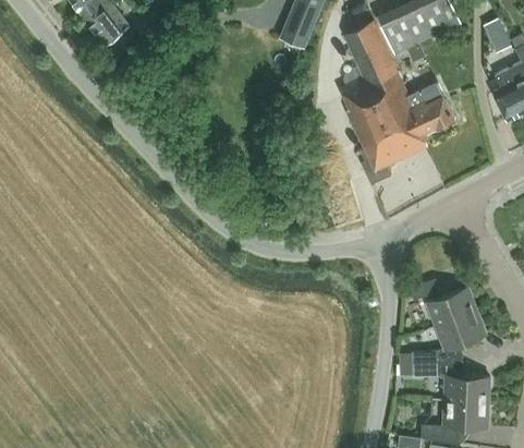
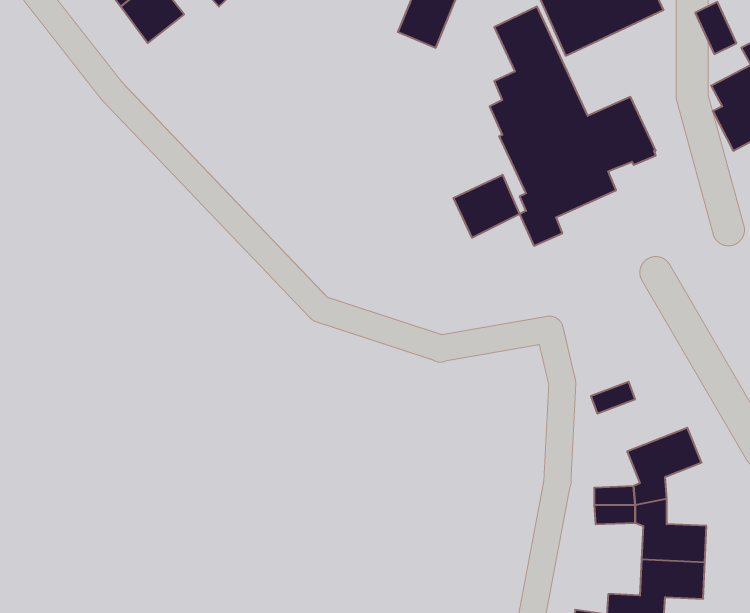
building: none -> [453,175,520,238]
building: [427,288,477,327] -> none

